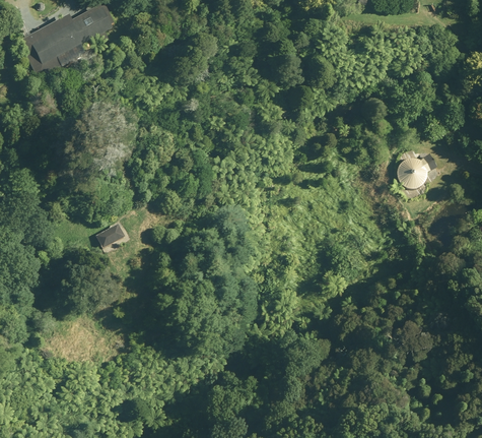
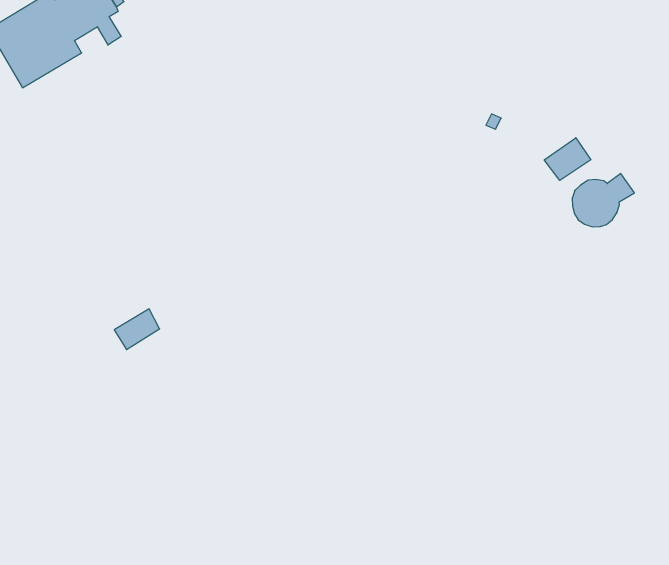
building: none -> [544,138,591,180]

